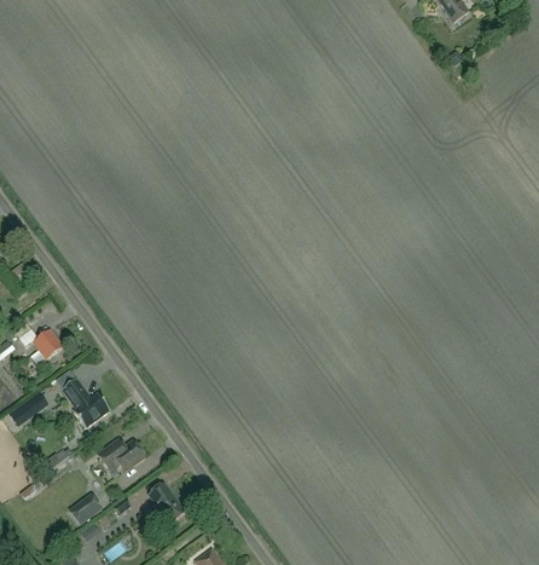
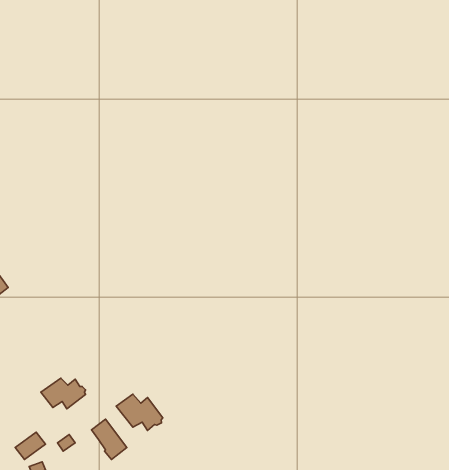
building: [62,380,110,428] -> none
building: none -> [116,394,163,430]

